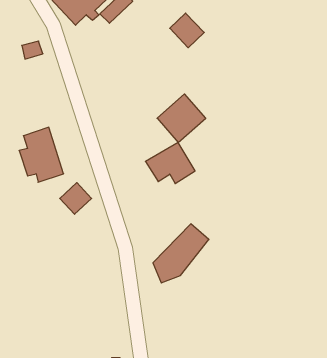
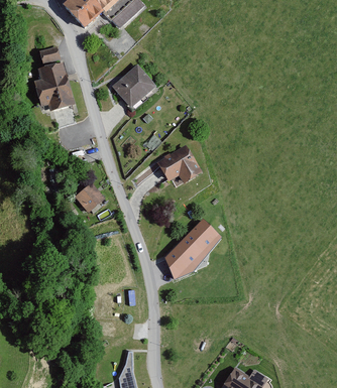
building: [170,13,204,48] -> none
building: [157,94,206,142] -> [111,64,157,111]
building: [19,127,64,182] -> [31,61,74,114]

